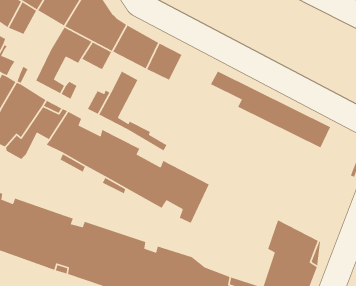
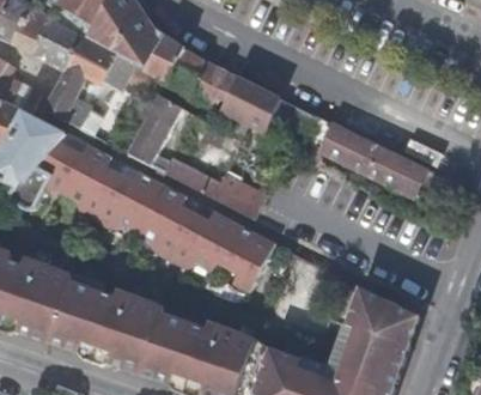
building: none -> [32,19,84,69]
building: none -> [218,75,279,129]
building: none -> [211,176,260,220]

